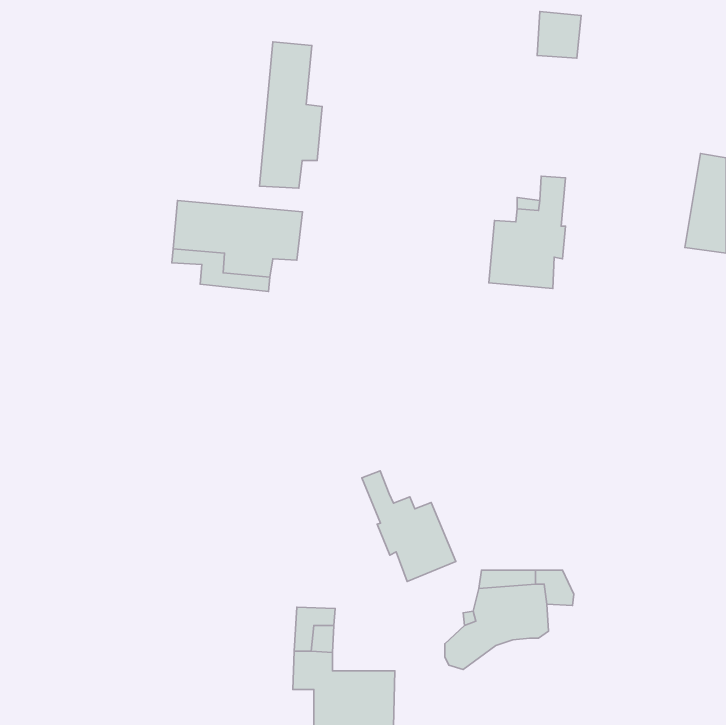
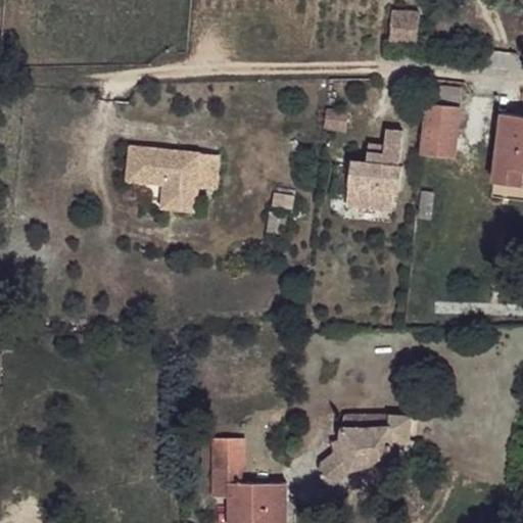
building: [260,42,322,188] -> none
building: none -> [421,106,463,162]
building: [362,471,456,581] -> none

